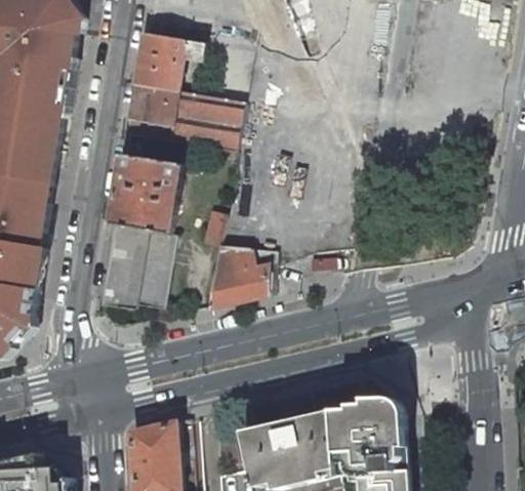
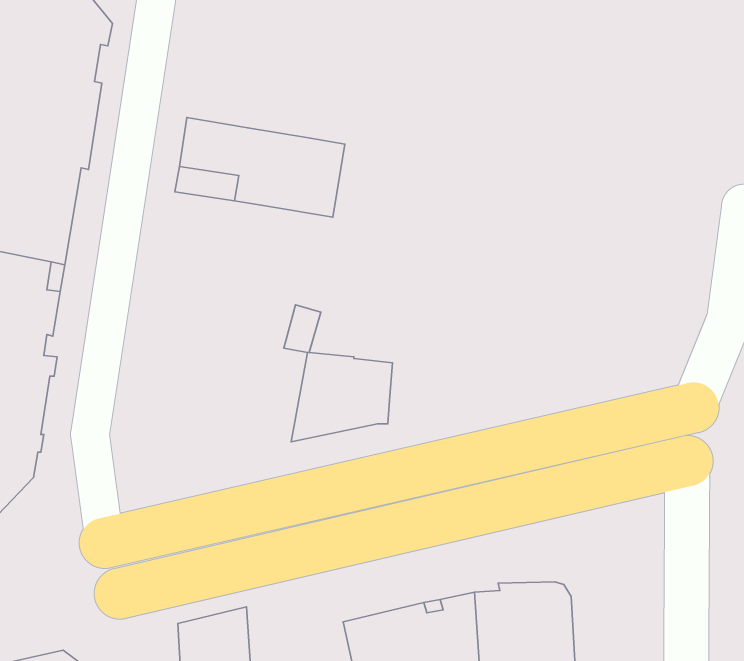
building: [133,33,203,91] -> none
building: [97,155,181,310] -> none

